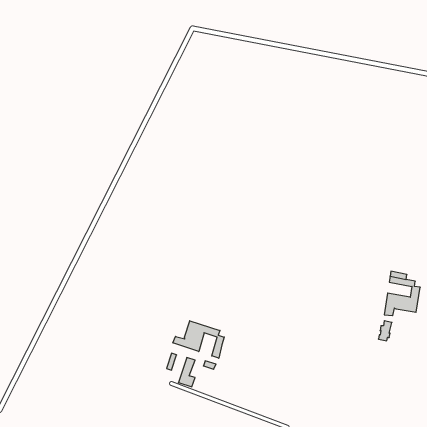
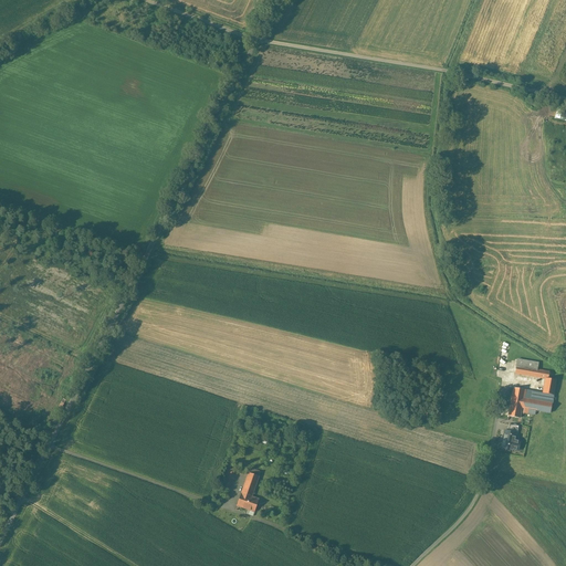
building: [173,321,224,358] -> none

